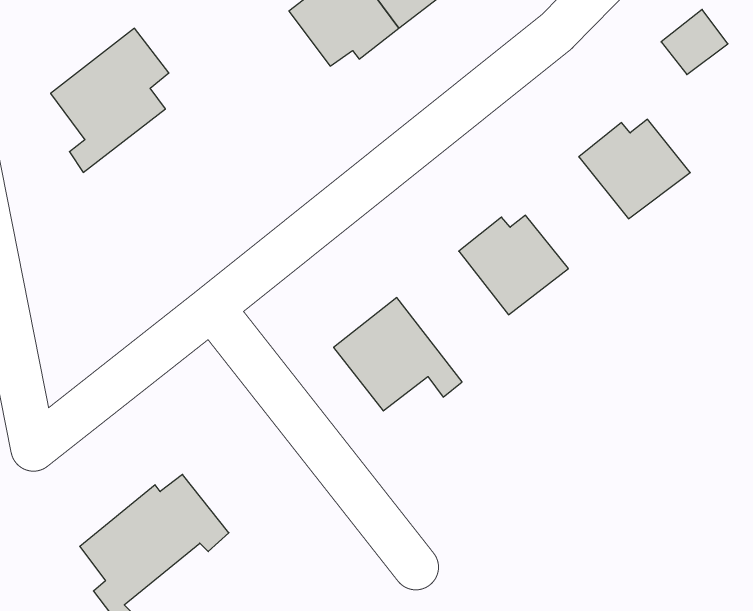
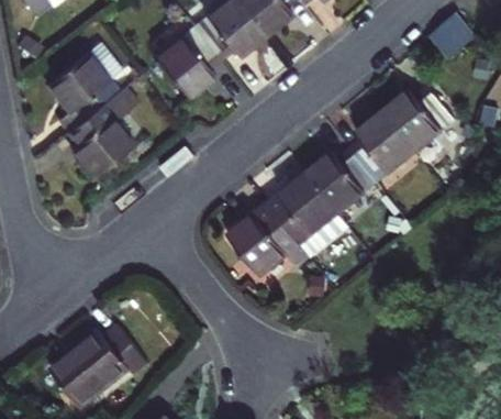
building: none -> [155,25,221,97]
building: none -> [63,88,129,172]
building: none -> [346,119,412,190]
building: none -> [264,179,345,263]

